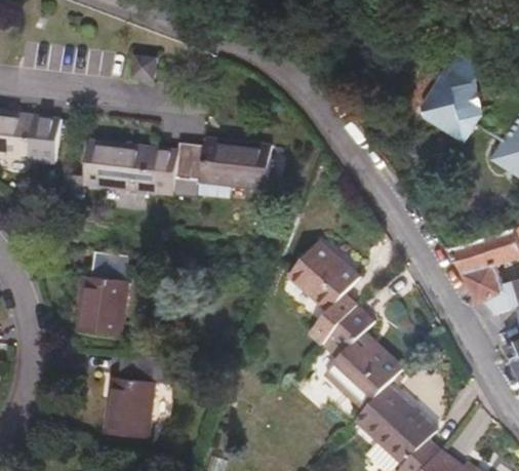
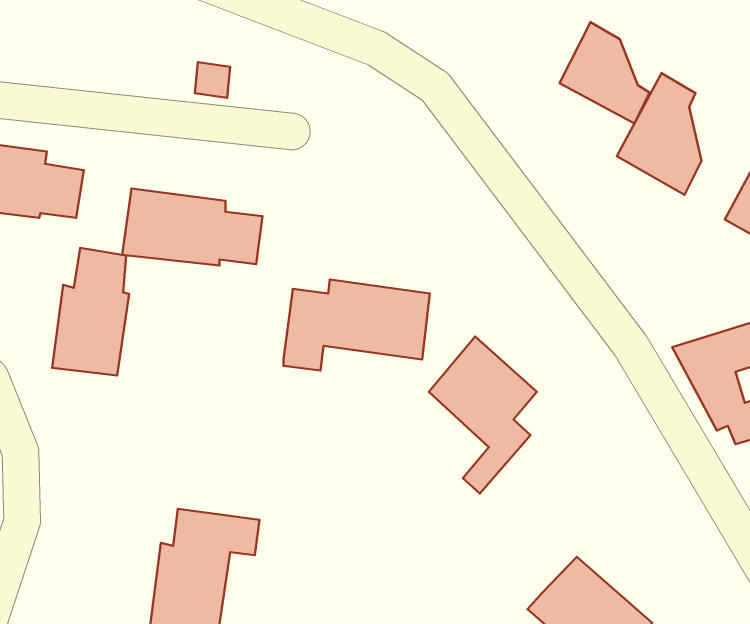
building: none -> [559,22,649,123]
building: [175,138,273,198] -> [284,280,430,370]
building: [79,251,130,337] -> [52,248,129,376]
building: [324,305,406,409] -> none

